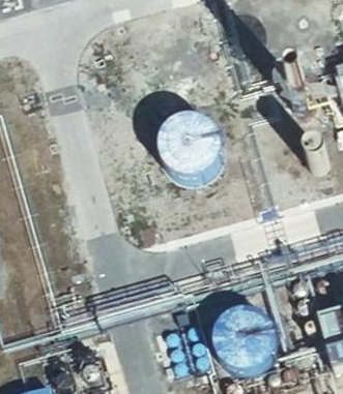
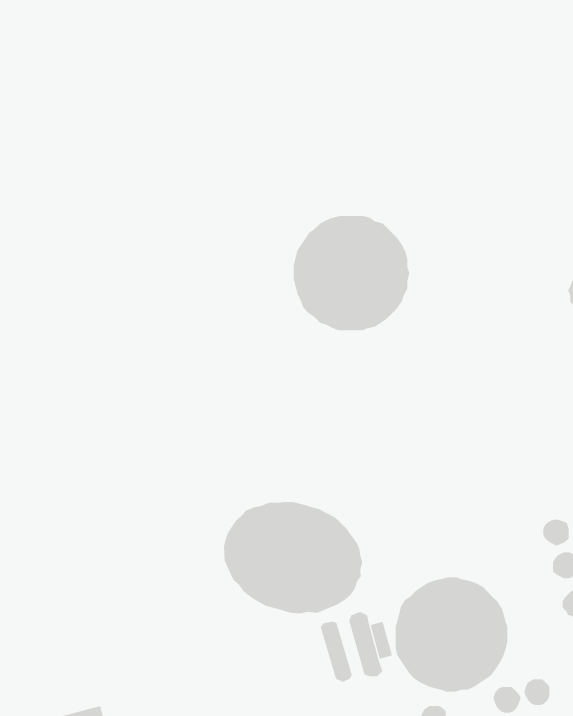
building: none -> [224,501,363,614]

